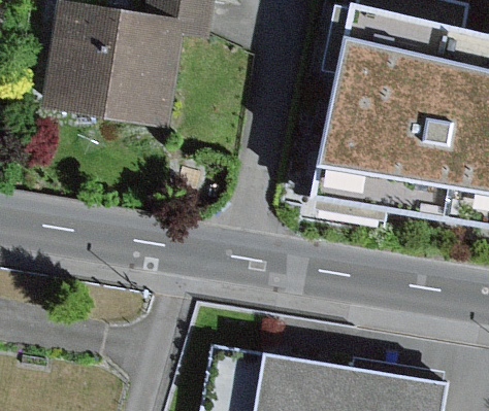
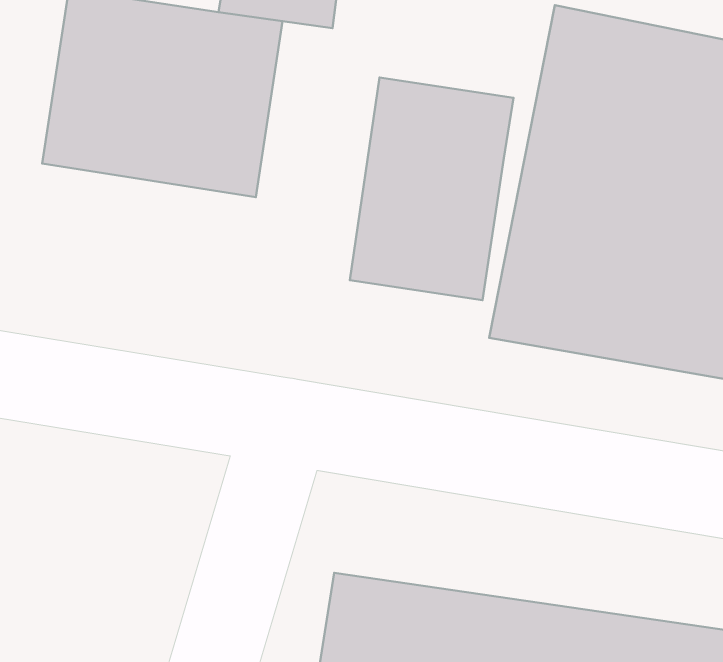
building: none -> [350,77,514,300]

